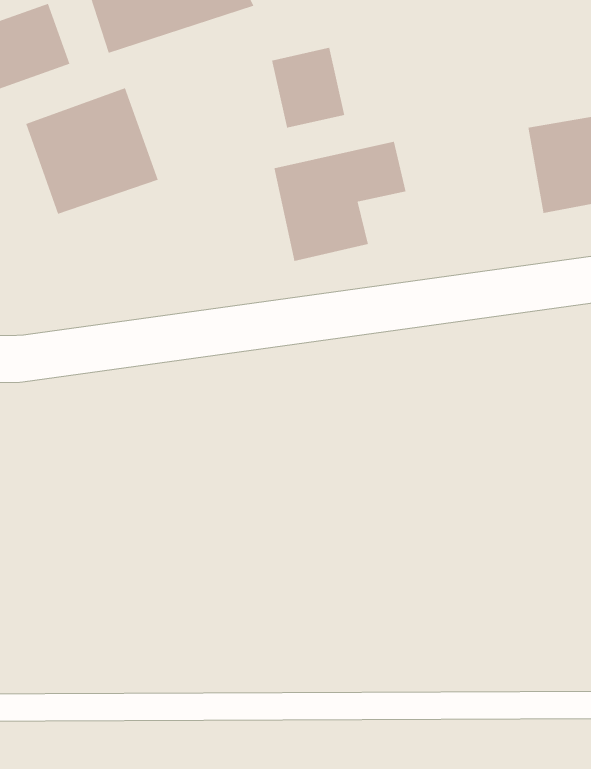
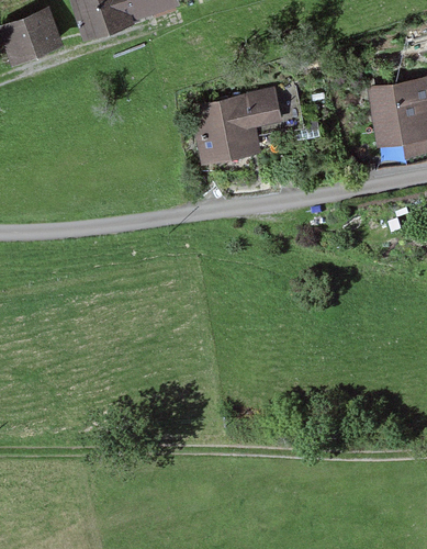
building: [271,47,345,129] -> none
building: [25,87,159,215] -> none

